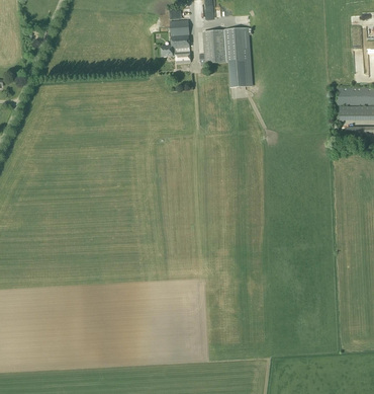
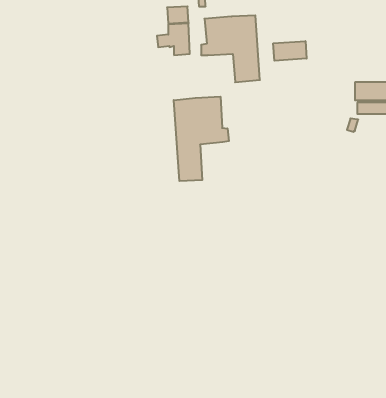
building: none -> [273,41,307,61]
building: none -> [174,97,229,181]

